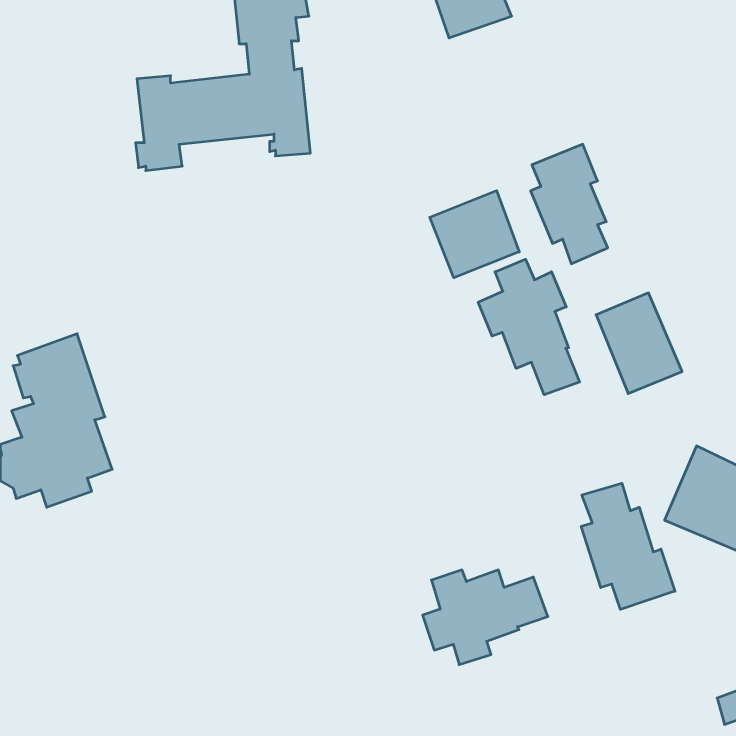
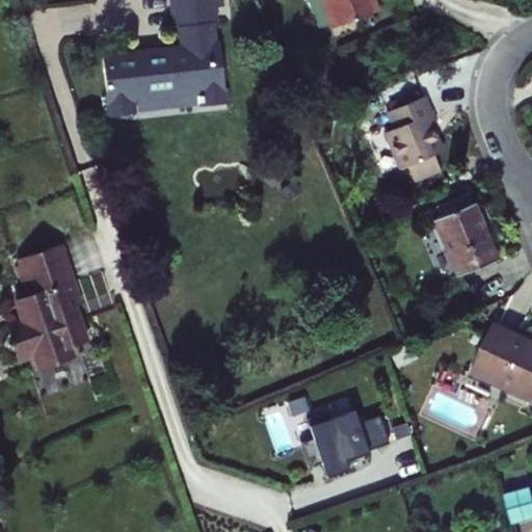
building: [430,191,519,278] -> none
building: [478,259,580,395] -> none
building: [581,483,675,609] -> none

